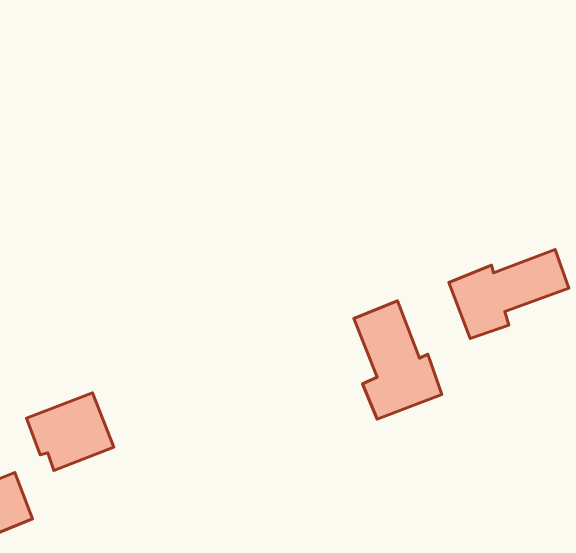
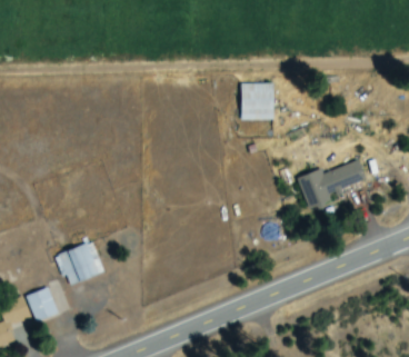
building: none -> [241,82,273,120]
building: [354,301,442,419] -> none

